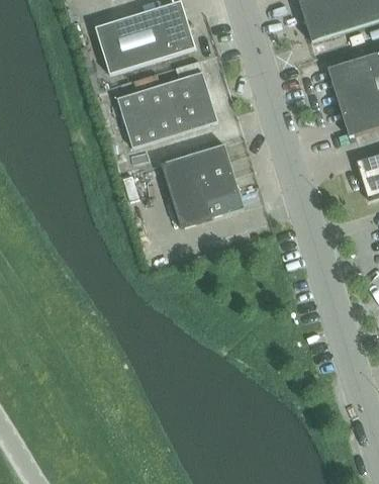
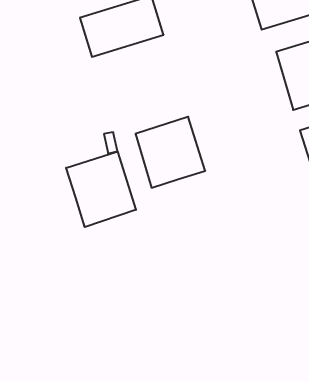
building: [119,71,218,147] -> none
building: none -> [66,151,136,227]

